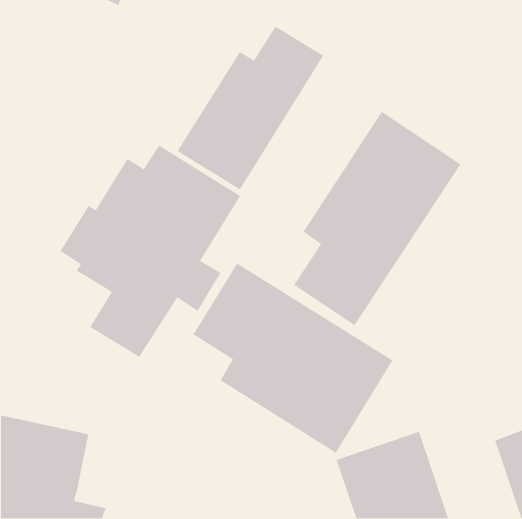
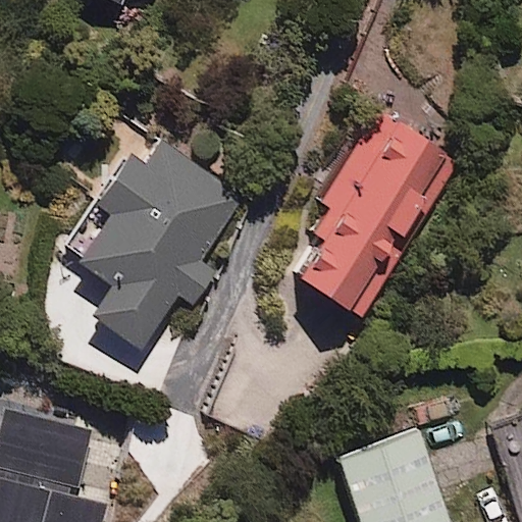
building: [177,26,324,190] -> none
building: [193,263,394,454] -> none

